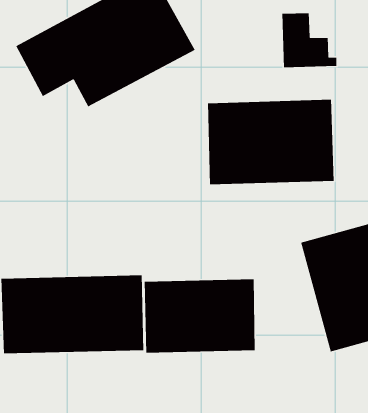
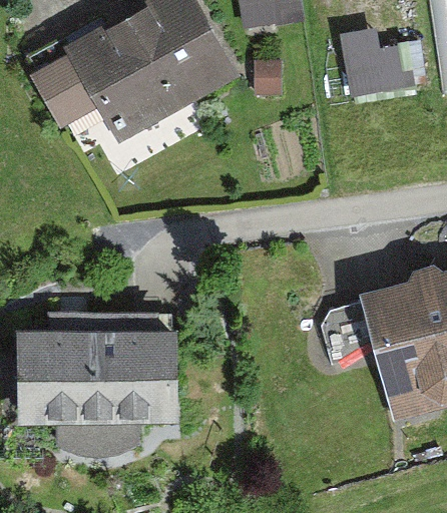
building: [207,99,334,185] -> none
building: [144,278,256,354] -> none

